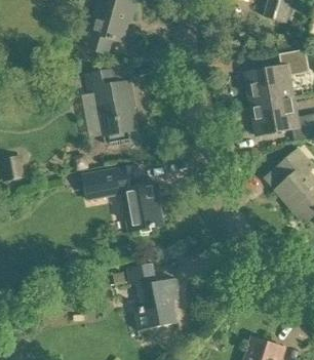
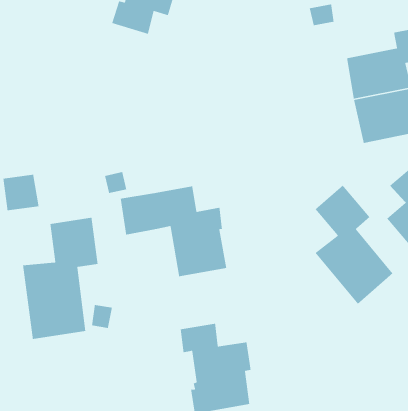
building: [88,70,140,148] -> none
building: none -> [314,184,394,305]
building: none -> [22,217,99,340]

